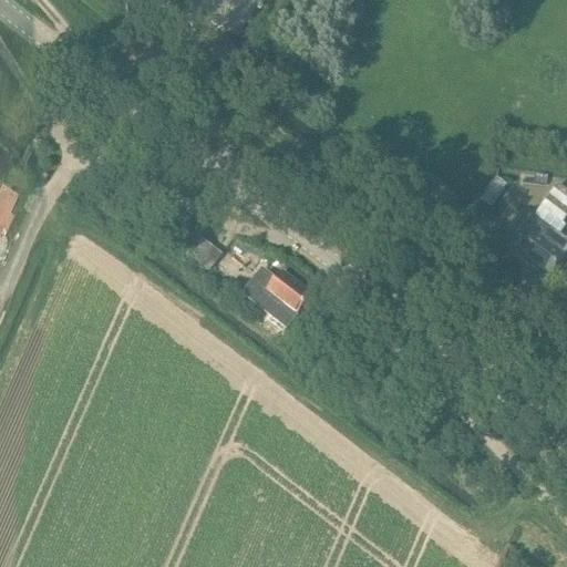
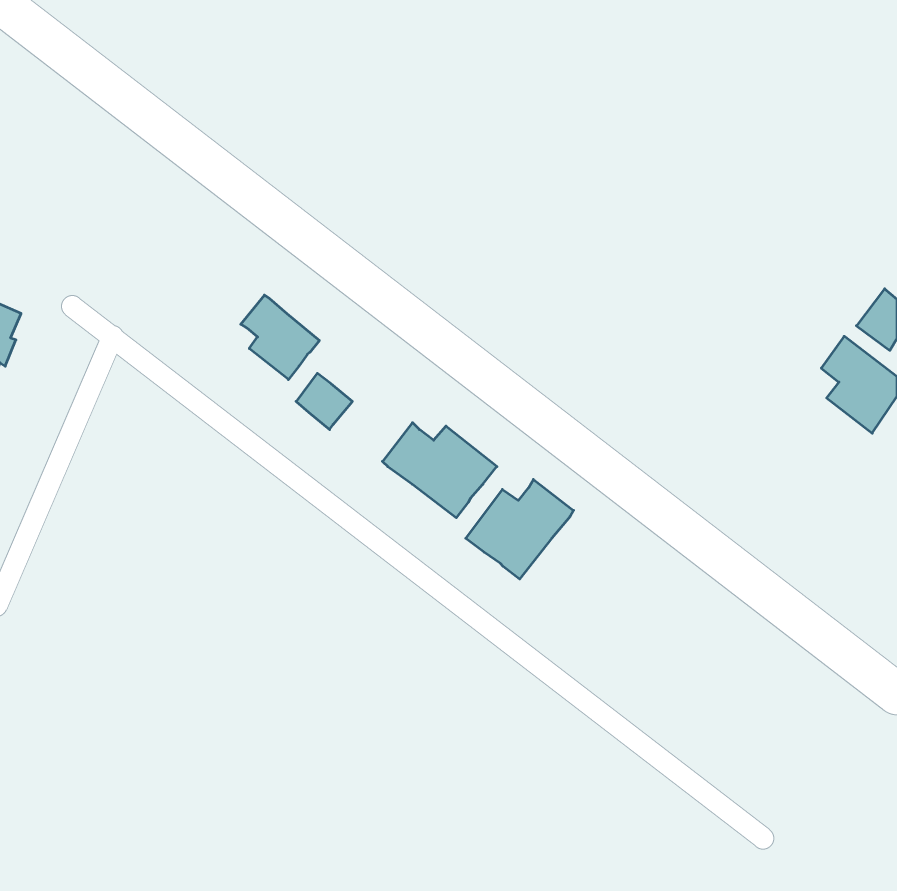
building: none -> [241,295,319,380]
building: none -> [466,479,574,579]

